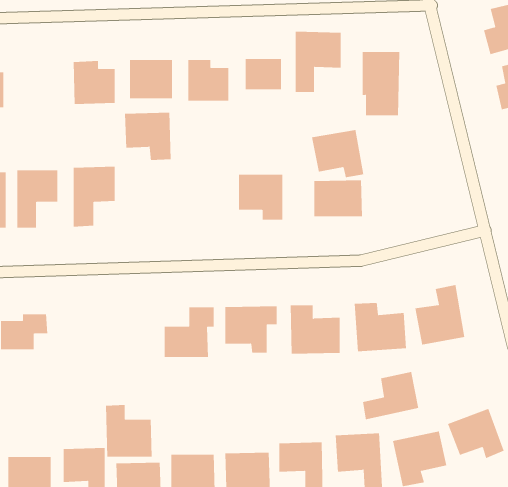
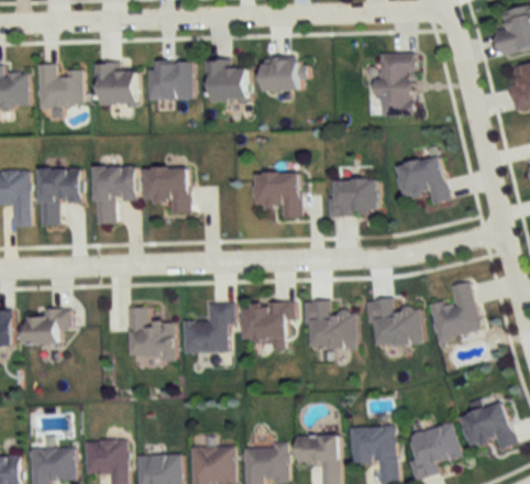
building: [295,31,341,93] -> none
building: none -> [38,64,84,107]
building: [124,112,171,161] -> [144,166,190,213]
building: [311,129,364,178] -> [397,156,449,204]
building: [362,371,419,420] -> none
building: [105,404,152,457] -> [128,307,174,359]

